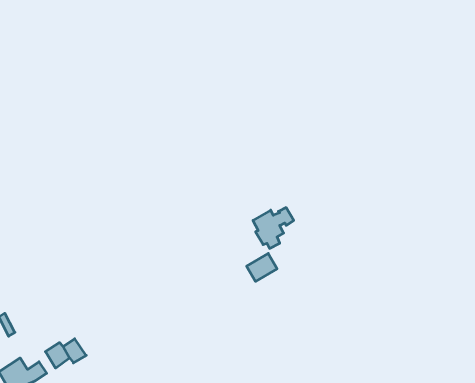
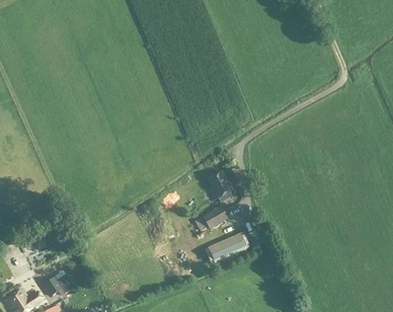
building: none -> [208,233,246,262]

